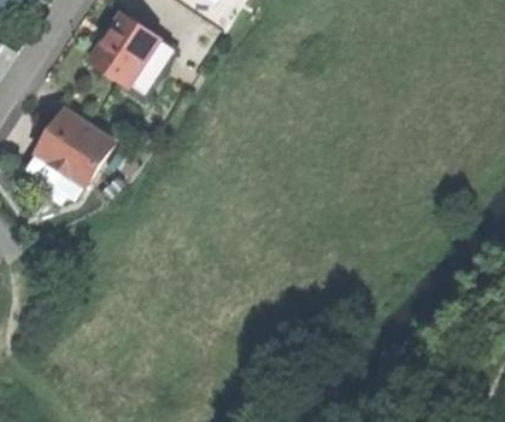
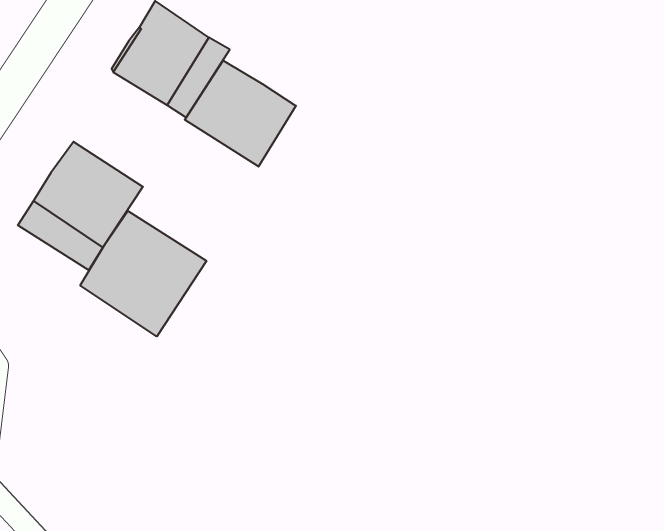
building: none -> [185,60,296,167]
building: none -> [80,211,206,336]

